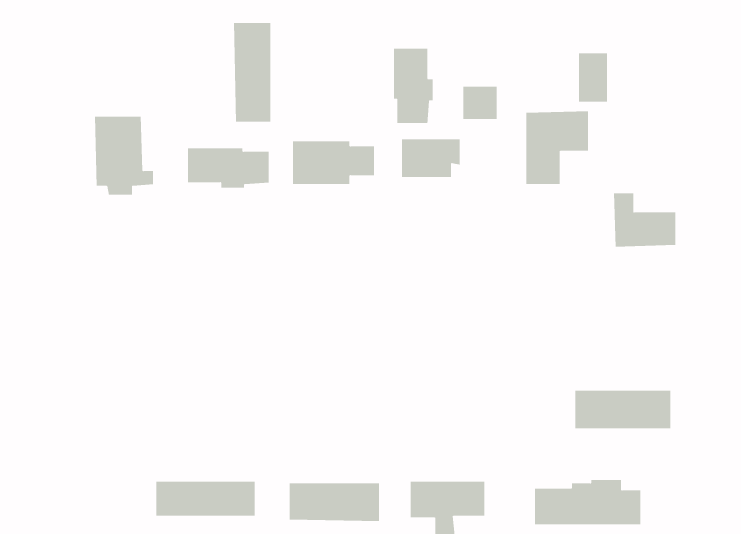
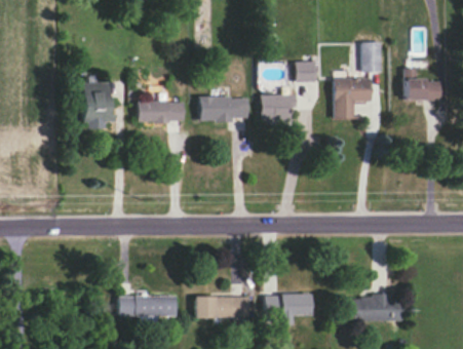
building: [234,22,271,122] -> none
building: [393,48,433,124] -> none
building: [613,193,676,247] -> [403,69,440,101]
building: [575,390,671,429] -> none

